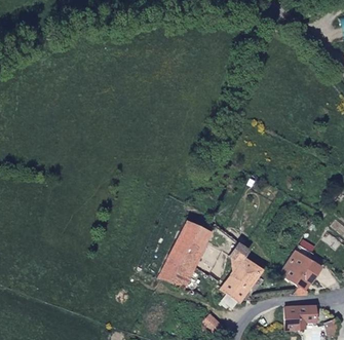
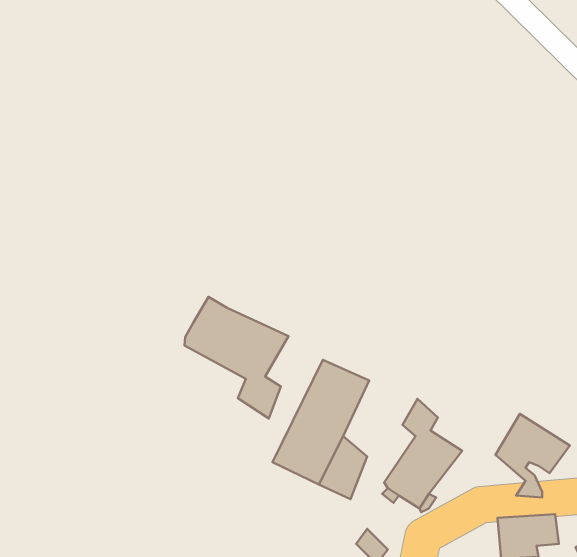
building: none -> [184,297,288,419]

